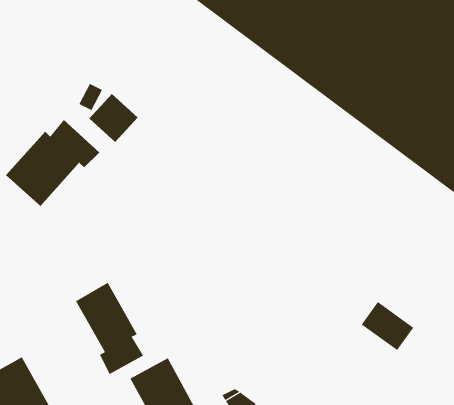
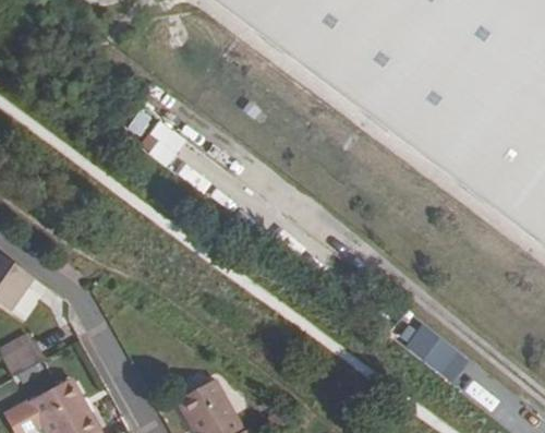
building: [5,119,100,207] -> none
building: [75,282,144,375] -> none

